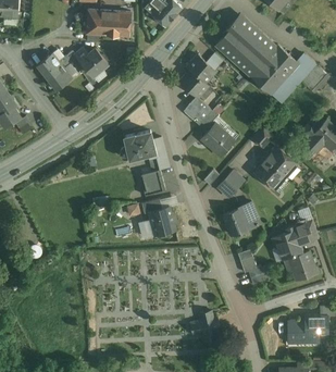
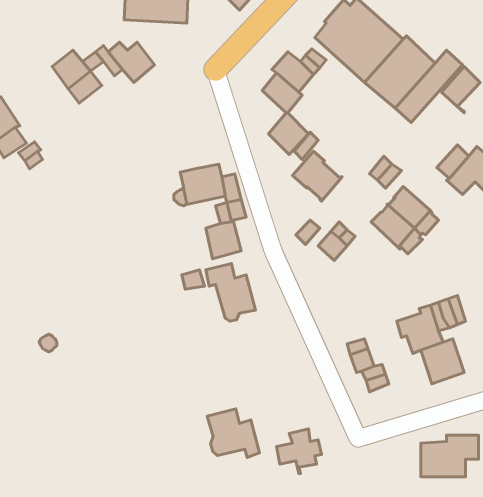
building: [222,202,259,235] -> none
building: none -> [207,409,260,457]

